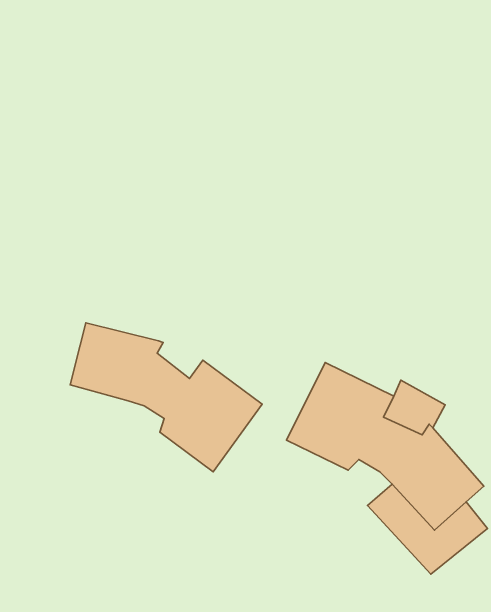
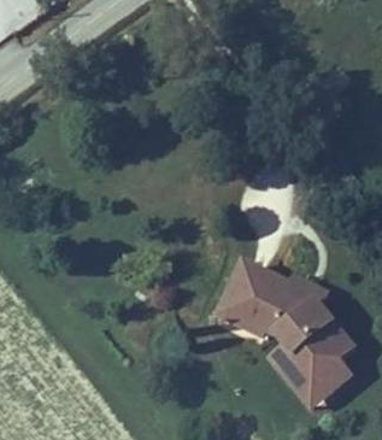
building: [70,323,262,472] -> none

